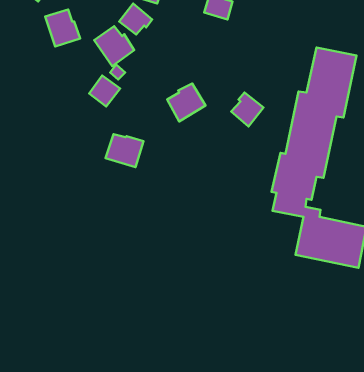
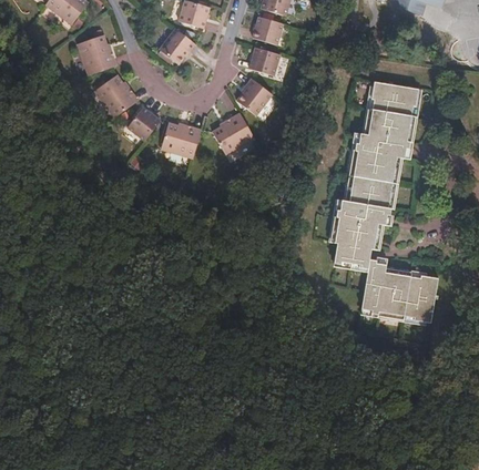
building: none -> [251,49,281,76]
building: [94,26,134,66] -> [93,75,137,120]
building: [231,92,263,126] -> [237,80,273,118]
building: [105,134,143,167] -> [160,123,202,160]

